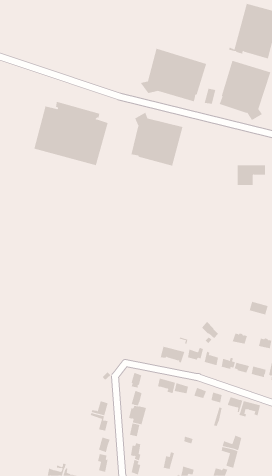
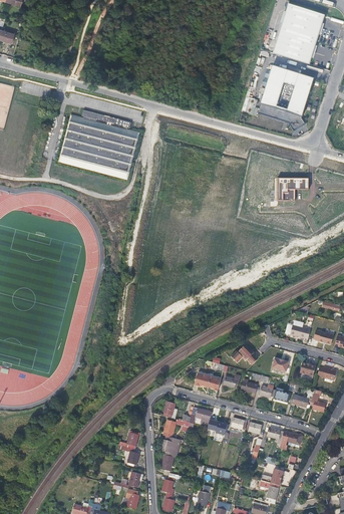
building: [140,48,207,102] -> none
building: [131,112,183,166] -> none

